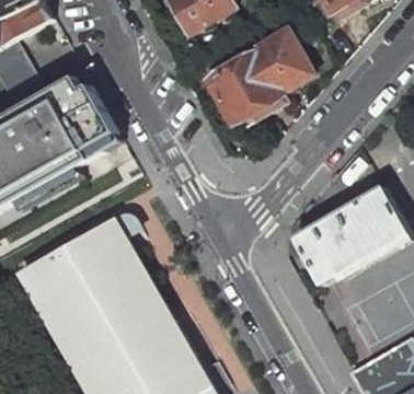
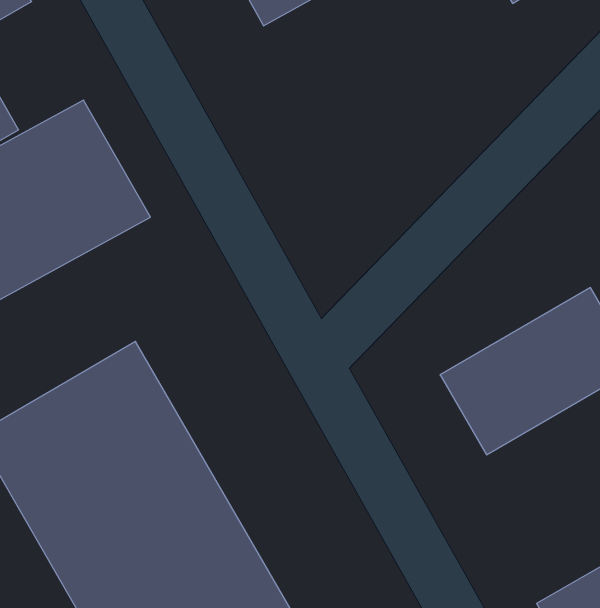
building: [207,30,312,124] -> none

